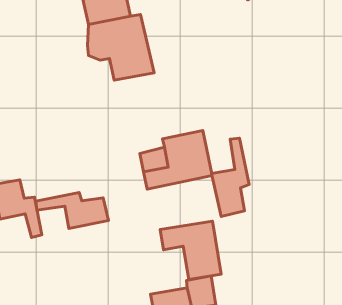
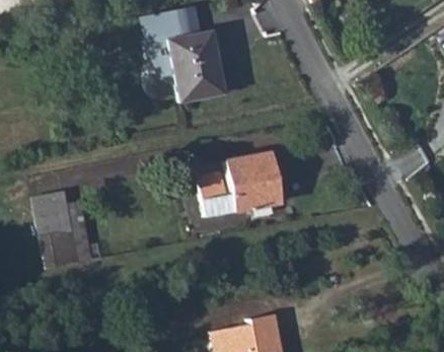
building: [212,138,249,216] -> none
building: [36,193,108,229] -> none
building: [160,221,221,280] -> none

